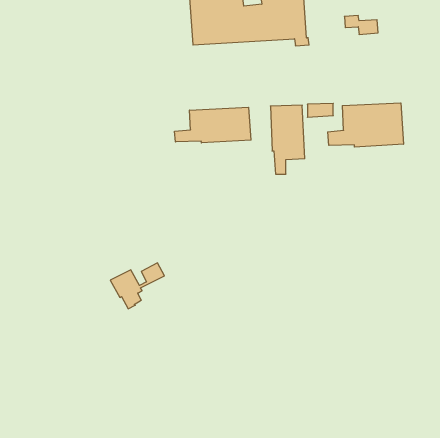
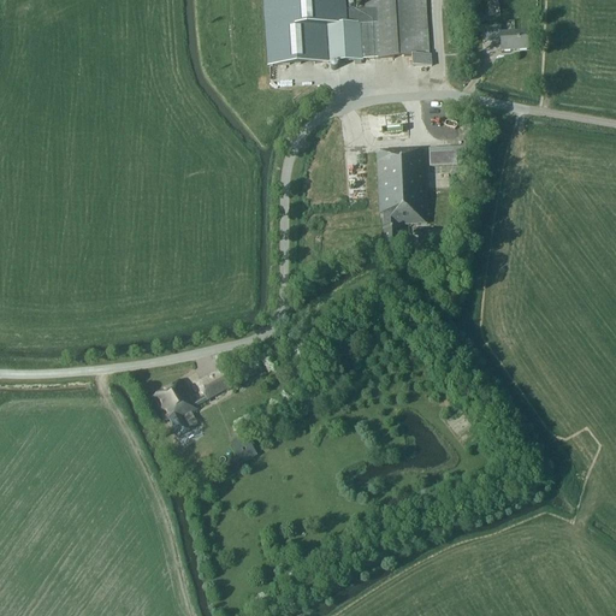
building: [328,103,403,147] -> none
building: [175,107,251,143] -> none

